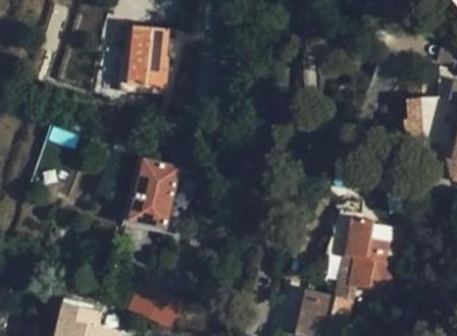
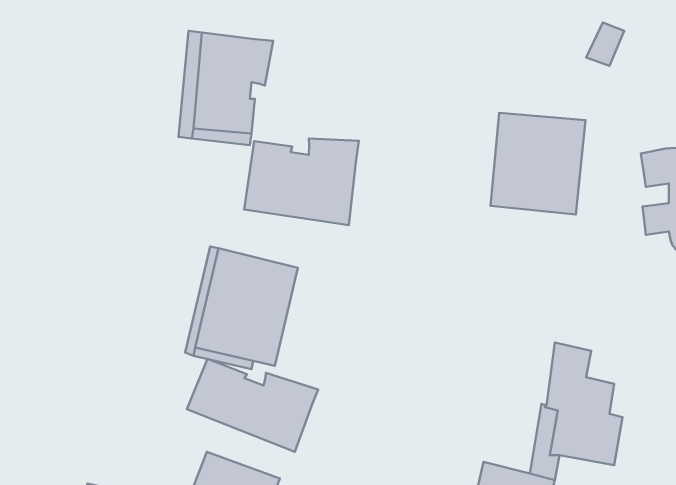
building: none -> [490,113,585,215]
building: none -> [244,139,359,225]
building: none -> [187,359,318,452]

